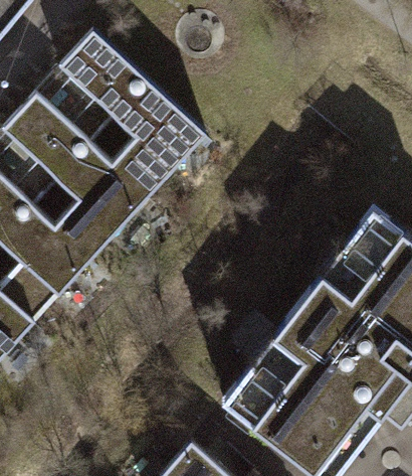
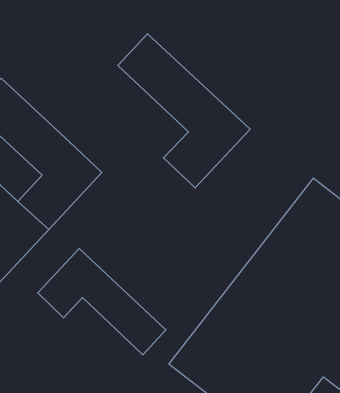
building: [63,34,206,200] -> [118,34,250,188]
building: none -> [38,249,166,355]

